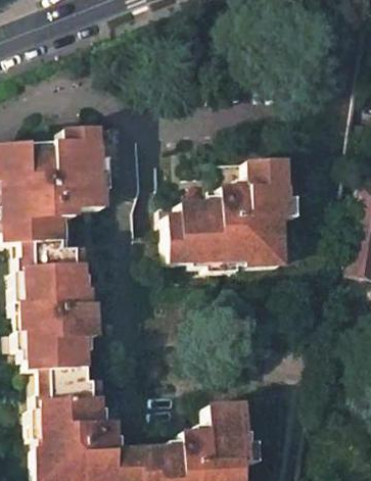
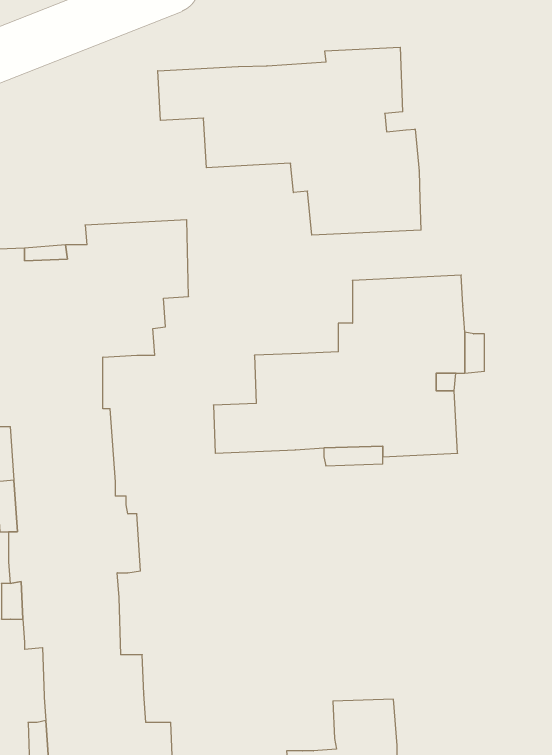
building: none -> [158,47,421,235]

